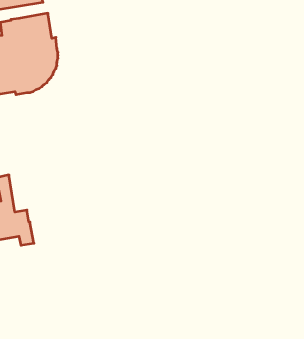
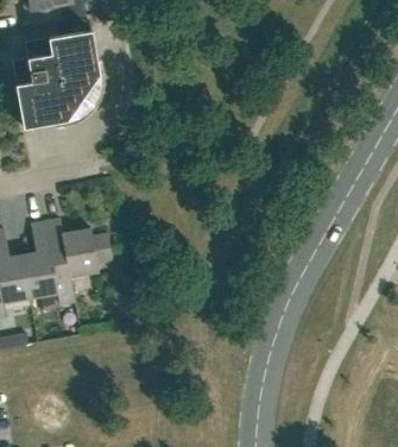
building: none -> [45,218,112,276]

